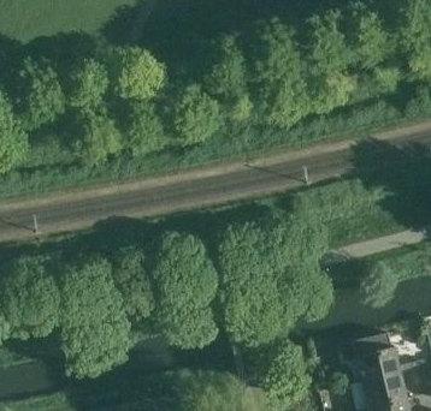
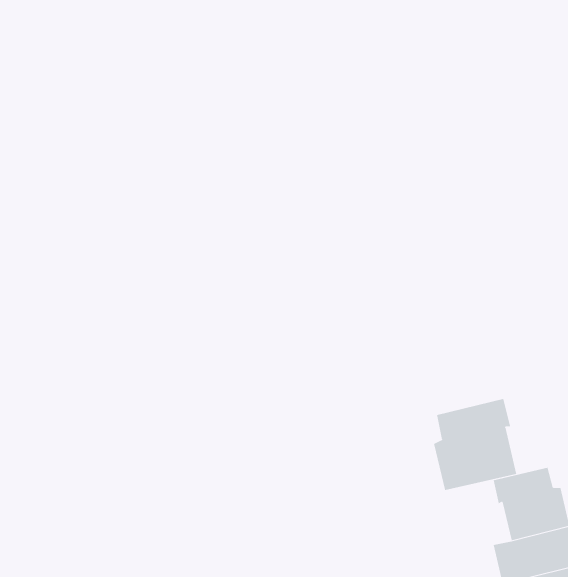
building: none -> [434,398,517,491]

